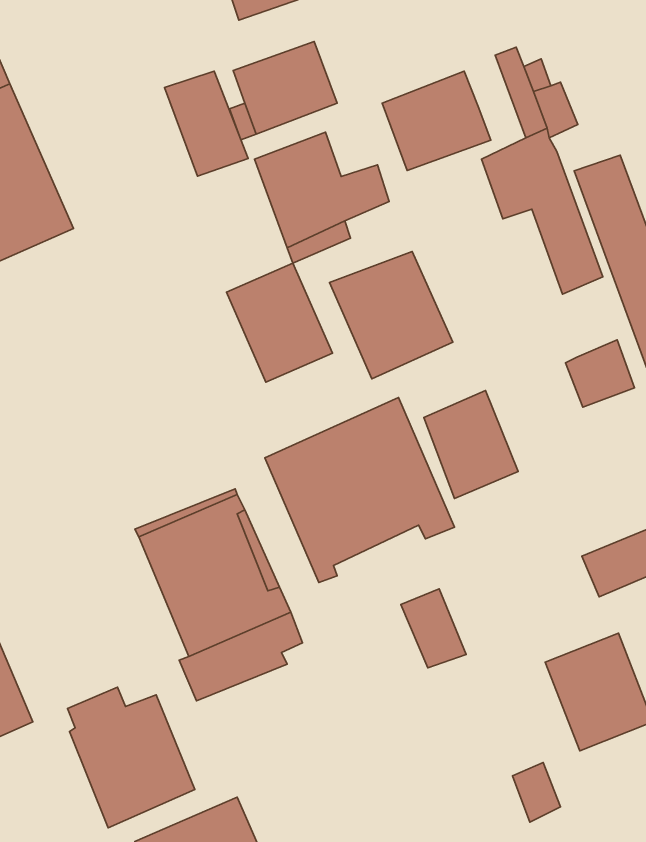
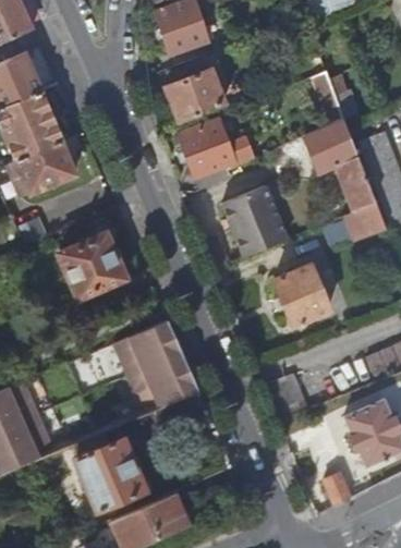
building: [382,71,491,171] -> none
building: [165,71,248,176] -> none
building: [226,263,332,382] -> none
building: none -> [59,233,122,294]
building: [565,340,635,407] -> [345,199,385,238]
building: [265,398,455,582] -> none

